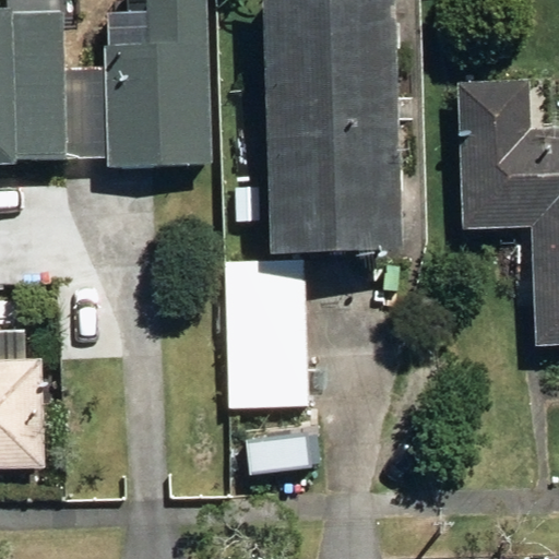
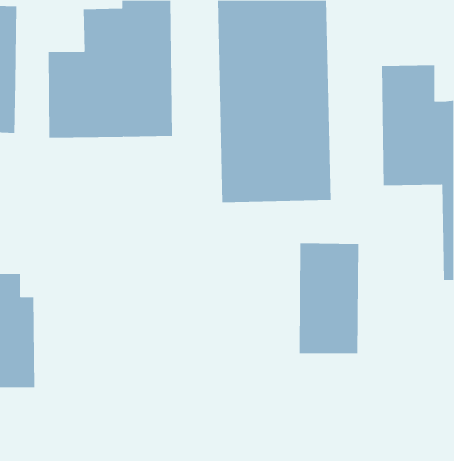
building: [233,275,306,409] -> [299,243,359,354]

